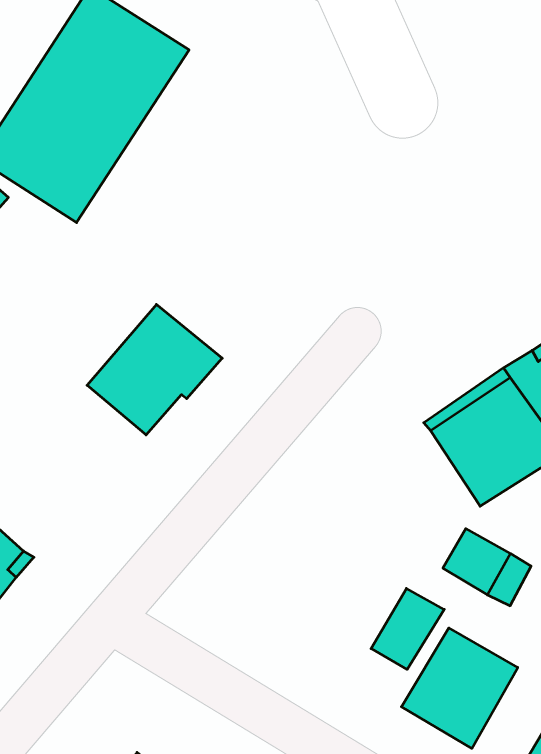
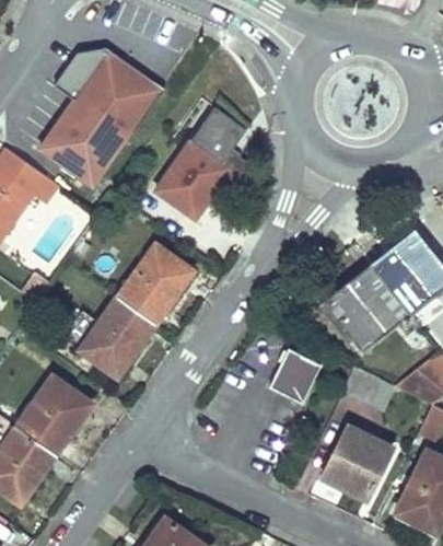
building: none -> [149,104,252,226]
building: none -> [80,295,154,379]
building: [371,588,444,669] -> [276,356,318,405]

